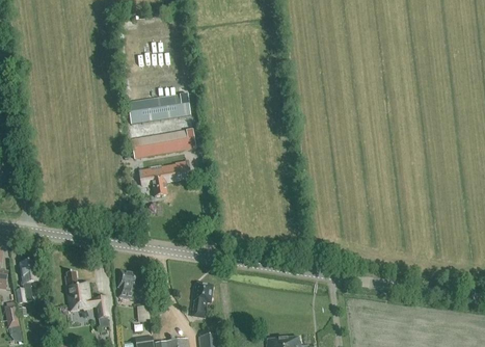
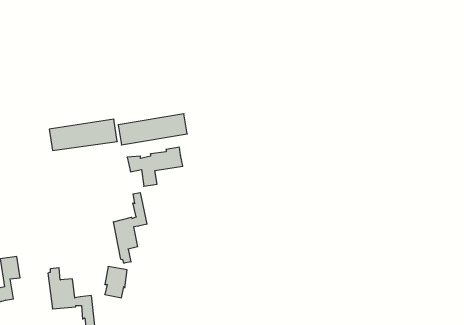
building: [126,94,189,123] -> [49,119,117,150]
building: none -> [113,193,147,263]
building: [191,284,212,314] -> none

